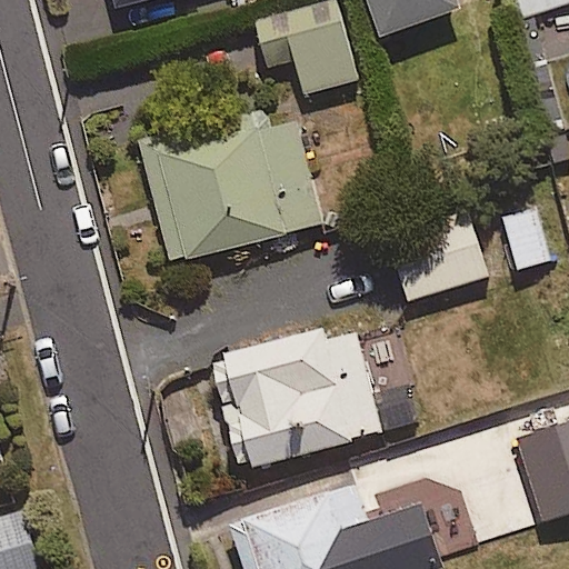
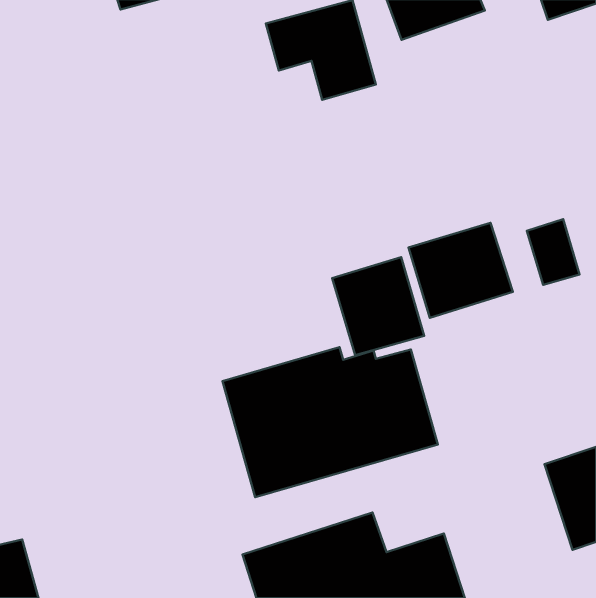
building: [139,111,322,264] -> none
building: none -> [332,257,424,355]

